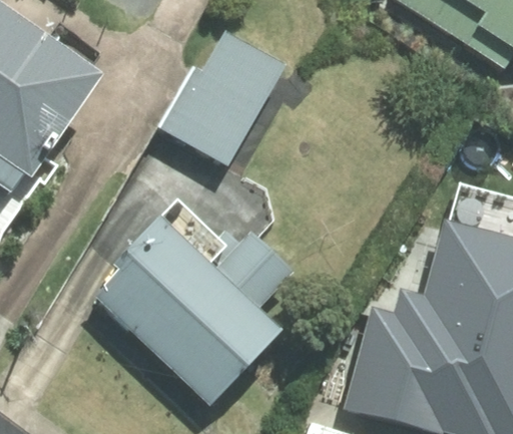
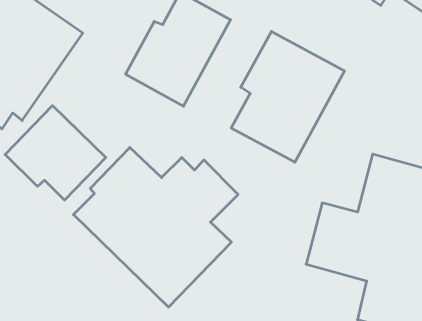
building: none -> [231,31,344,162]
building: none -> [5,106,106,200]

